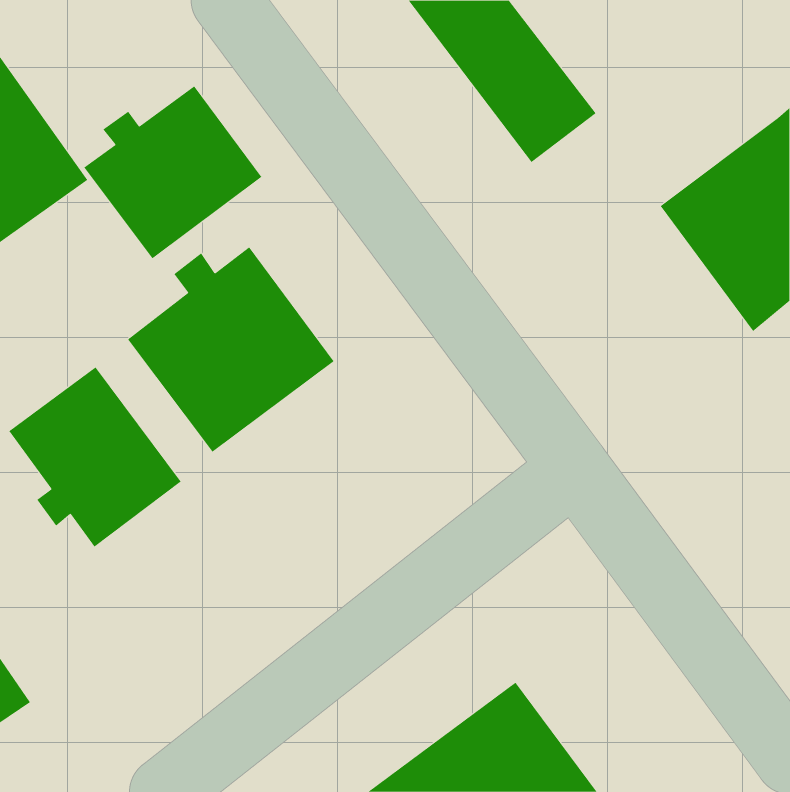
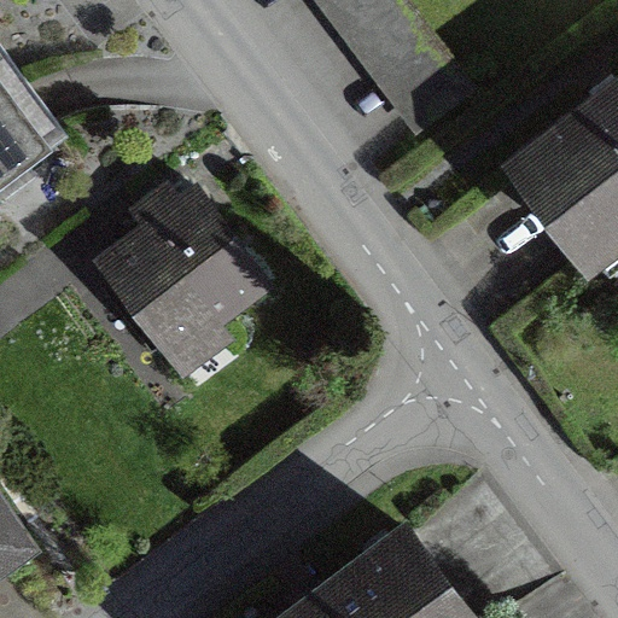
building: [84,86,262,259] -> none
building: [8,366,182,547] -> none

